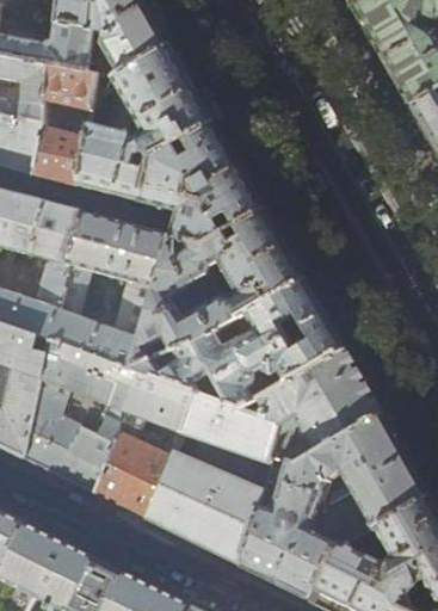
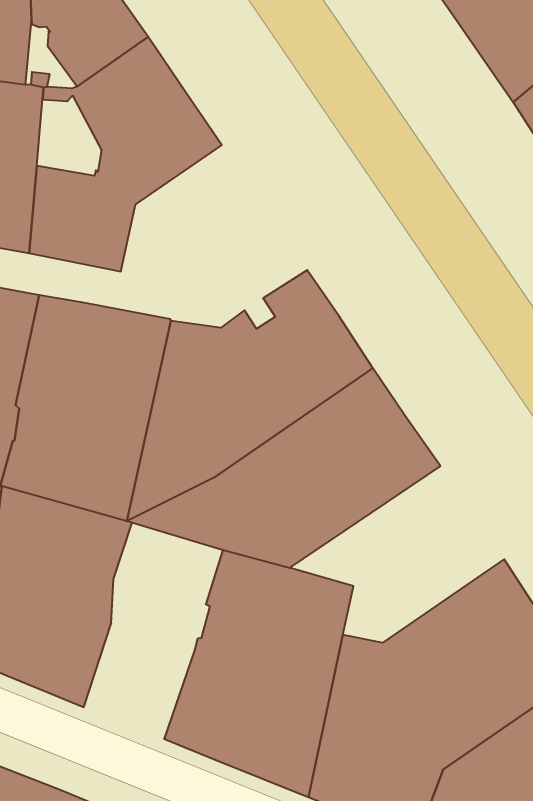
building: [137,121,263,243] -> none
building: [236,347,381,463] -> none
building: [91,370,192,517] -> none

